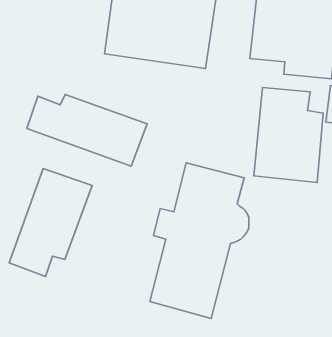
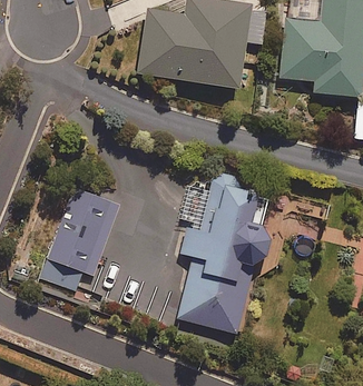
building: [254,87,323,183] -> none
building: [27,95,147,166] -> none

